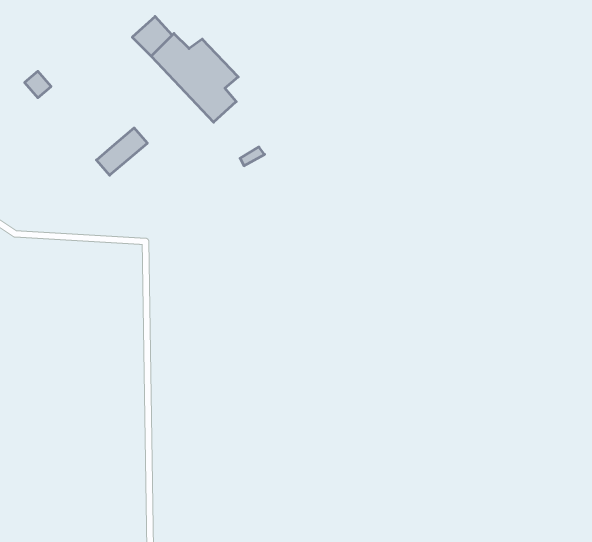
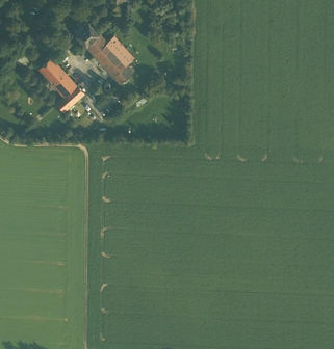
building: none -> [40,56,77,99]

